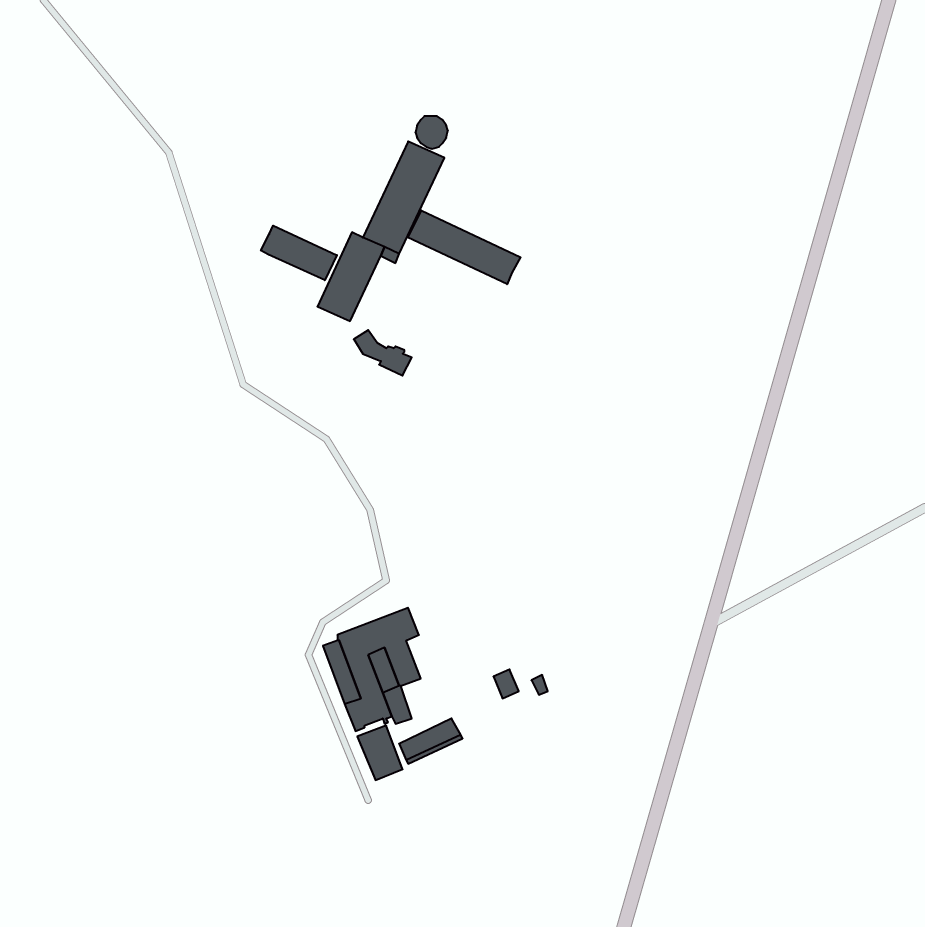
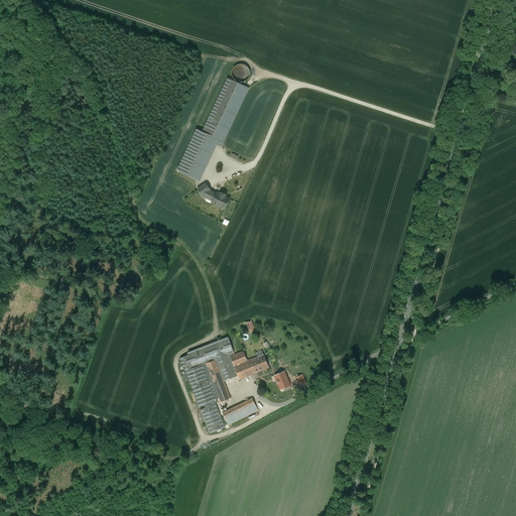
building: [408,210,521,284] -> none
building: [261,226,337,280] -> none
building: none -> [230,351,267,379]

